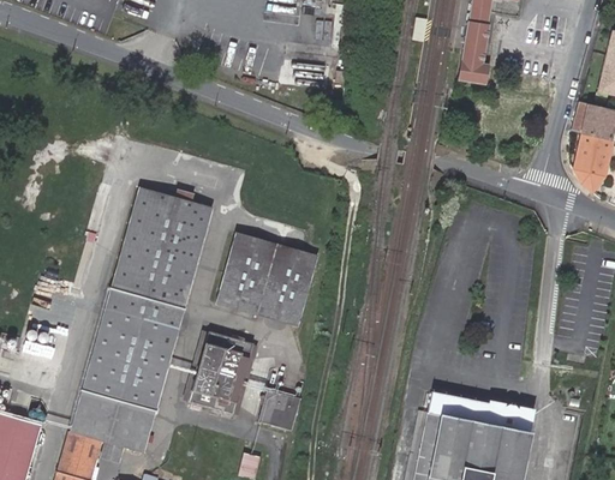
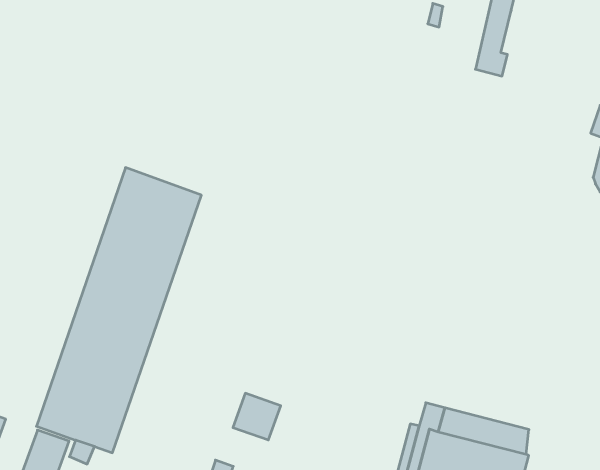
building: [215,233,316,325] -> none
building: [186,331,249,415] -> none

